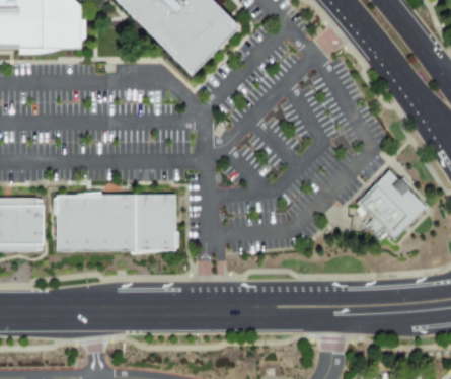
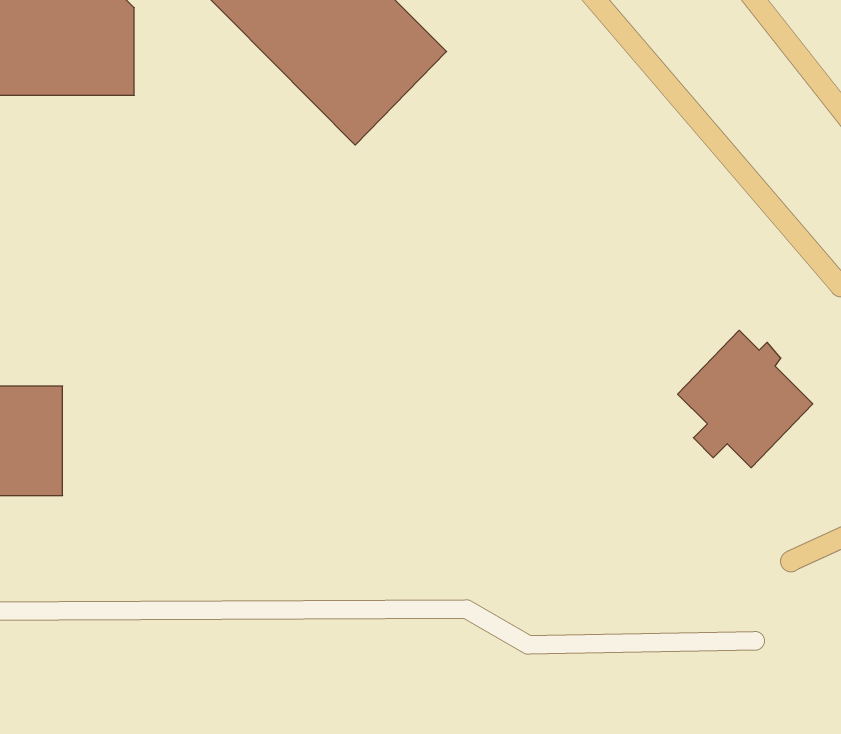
building: [57,196,176,251] -> none

